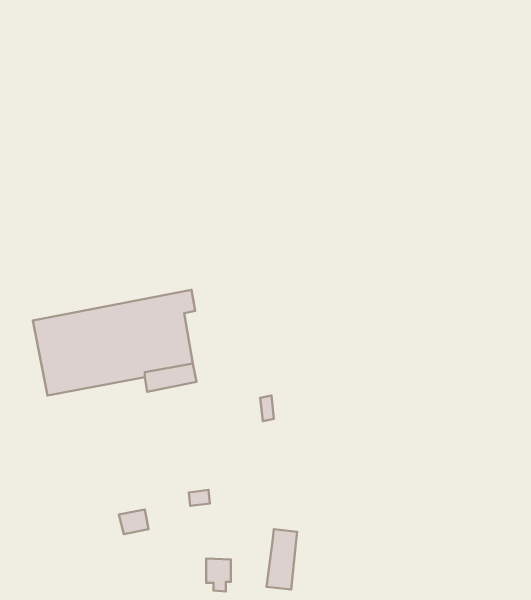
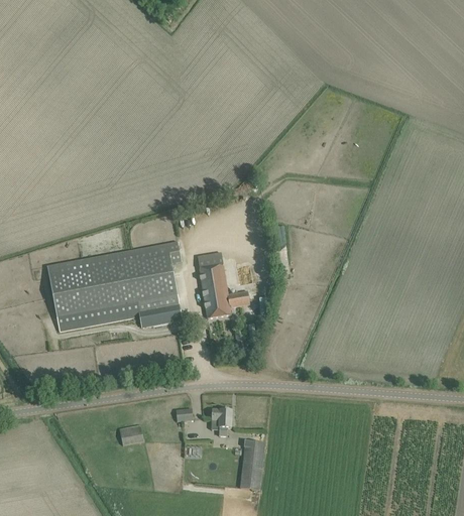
building: none -> [197,251,249,317]
building: [206,558,231,592] -> [211,408,231,435]

